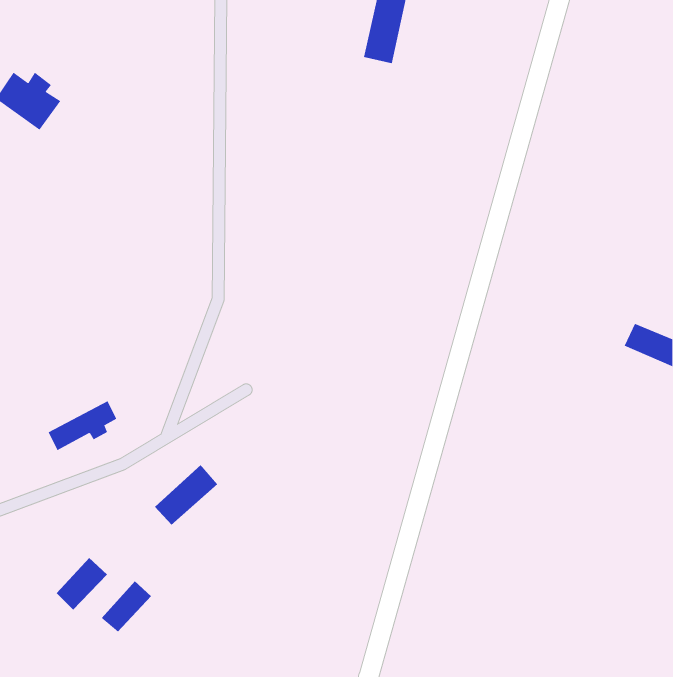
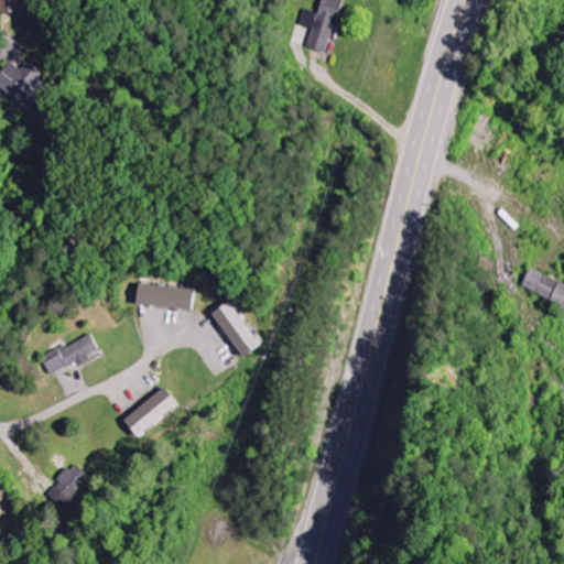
building: none -> [138,284,196,306]
building: none -> [213,300,263,356]
building: [101,580,152,633] -> none

